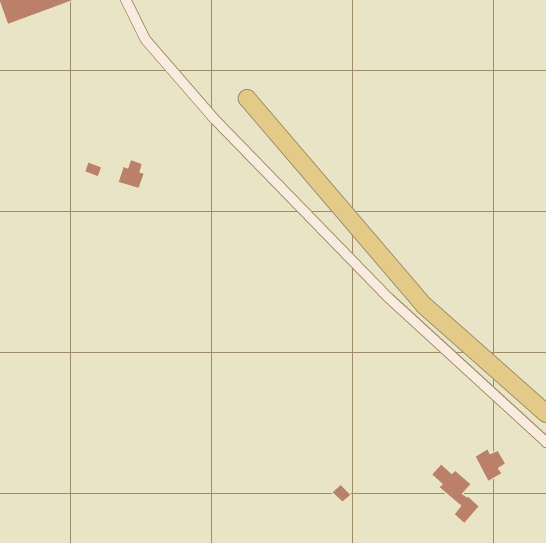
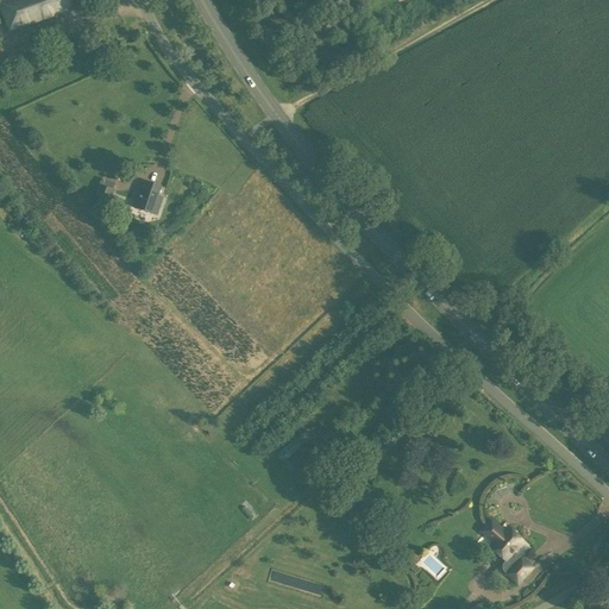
building: [475,449,506,481] -> none

